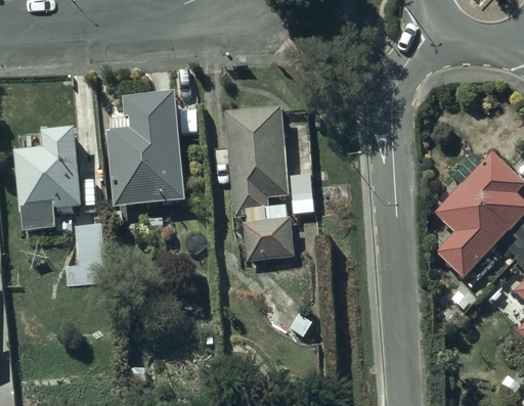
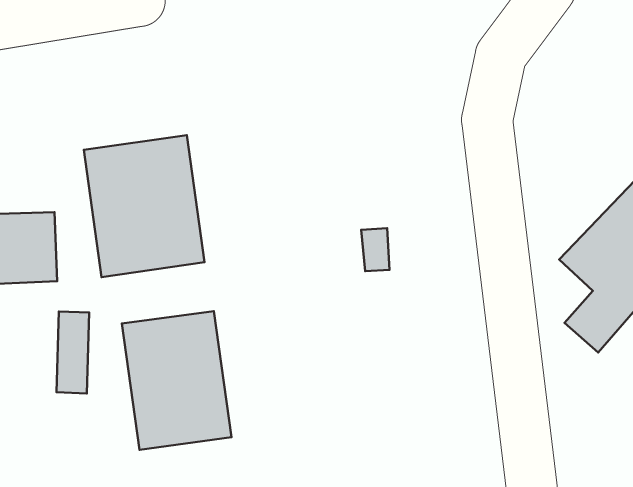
building: [227,106,289,261] -> none
building: none -> [122,311,231,450]

